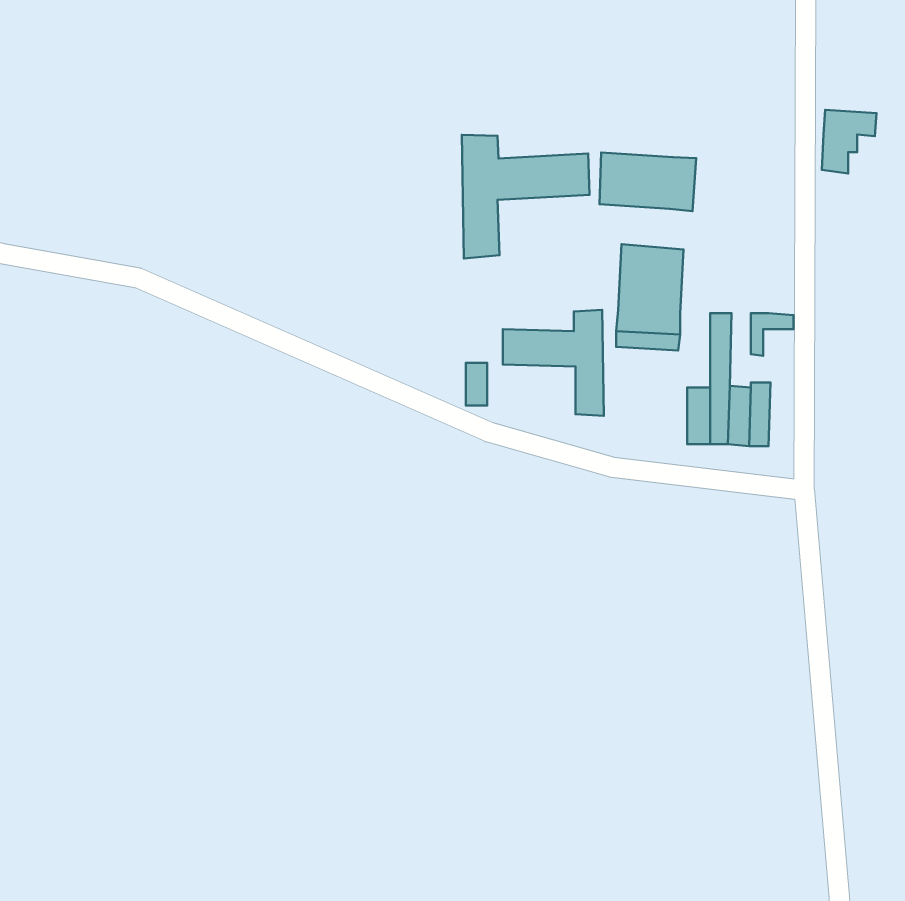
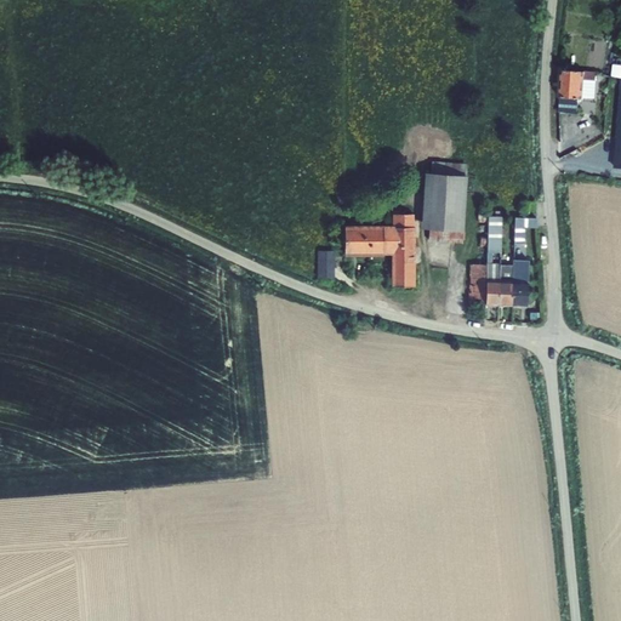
building: [462,135,590,259] -> none
building: [600,152,696,211] -> none

